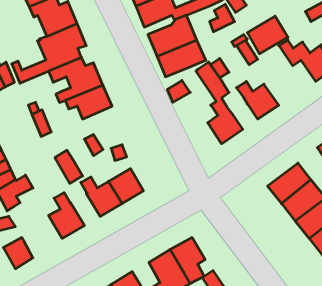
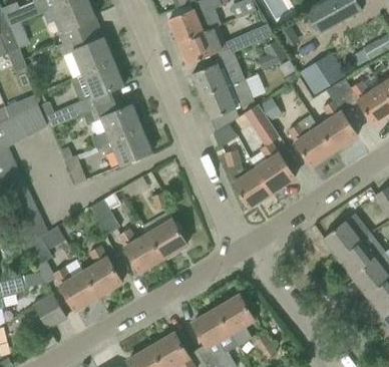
building: none -> [318,85,357,150]
building: none -> [225,149,272,208]
building: none -> [53,267,98,310]

